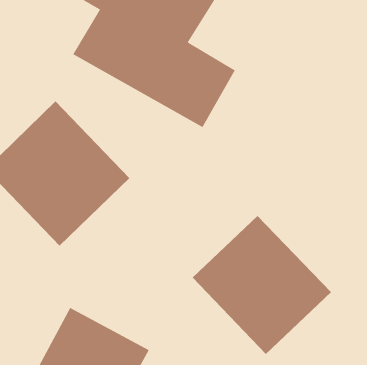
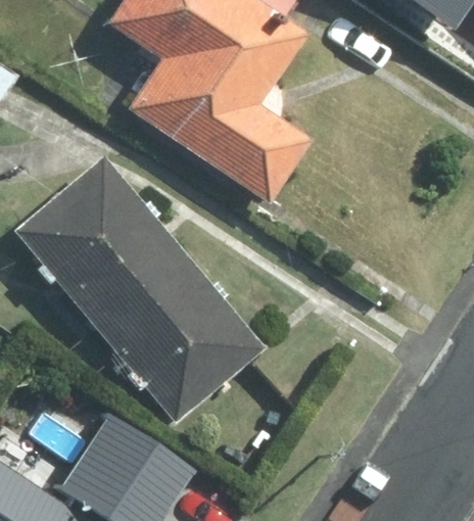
building: none -> [98,254,263,421]
building: [192,215,332,355] -> none

